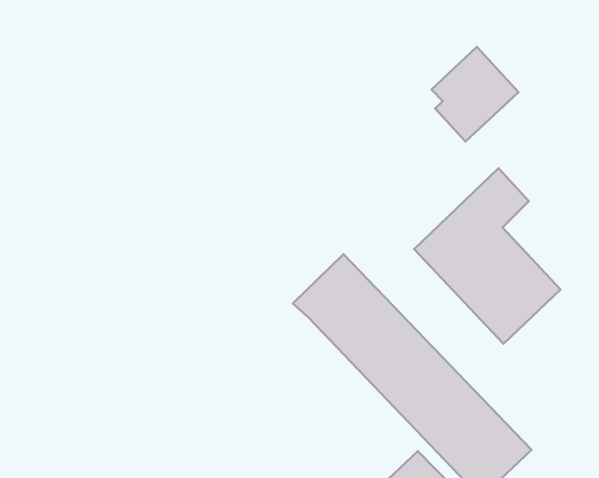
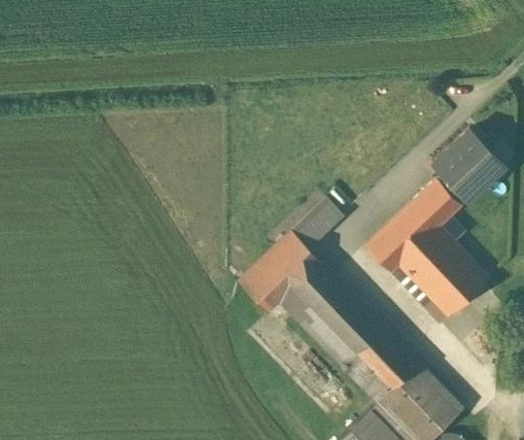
building: [431,47,519,141] -> [432,129,503,206]
building: none -> [239,198,344,313]

